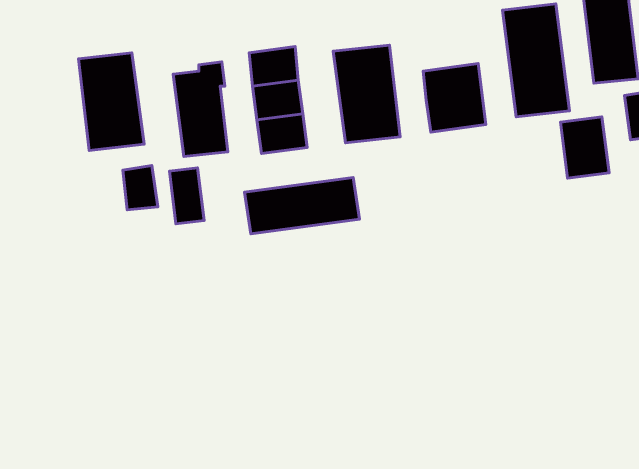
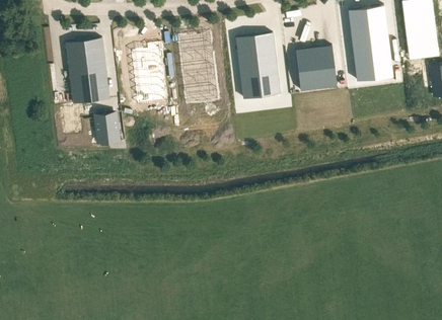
building: [560,117,609,178] -> none
building: [169,168,204,224] -> none
building: [244,178,360,234] -> none

